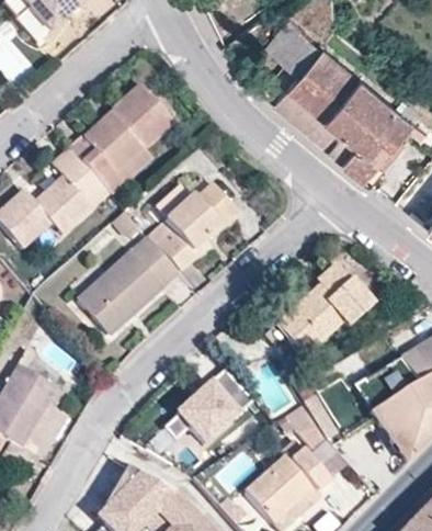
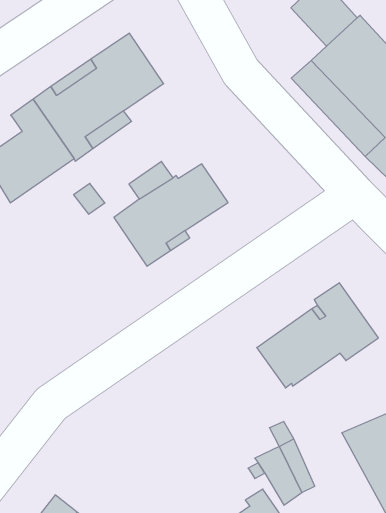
building: [77,236,179,334] -> none
building: [163,365,254,444] -> none

